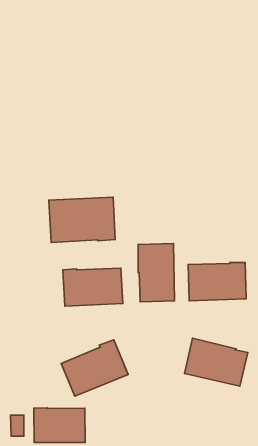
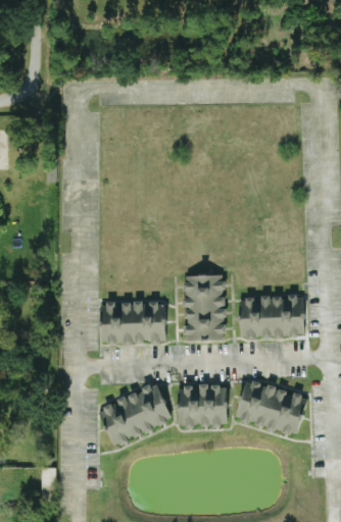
building: [49,197,115,242] -> none
building: none -> [176,385,227,427]
building: [34,408,85,442] -> none

